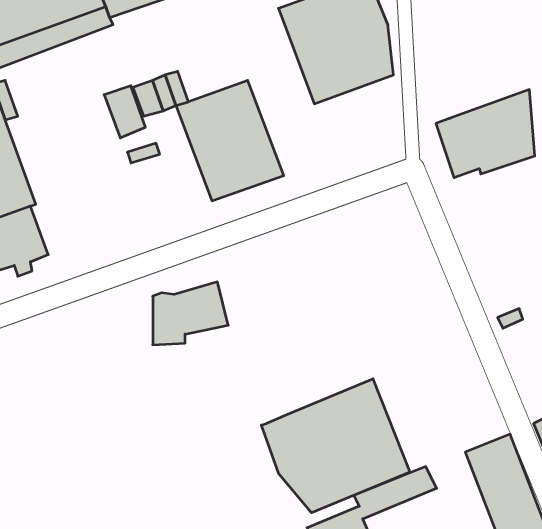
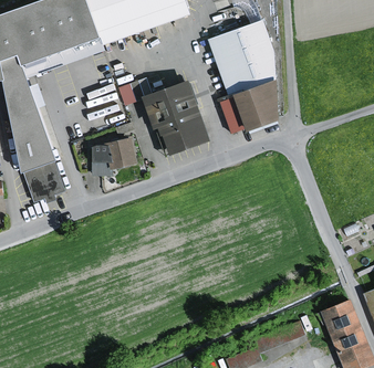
building: [436,90,535,178] -> [219,80,280,134]
building: [153,282,228,345] -> [91,137,137,176]
building: [261,379,410,513] -> none

